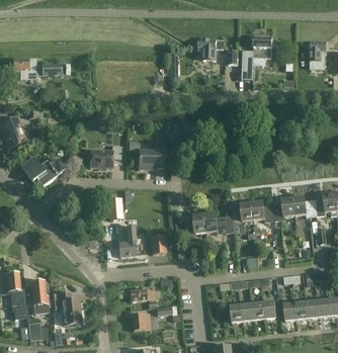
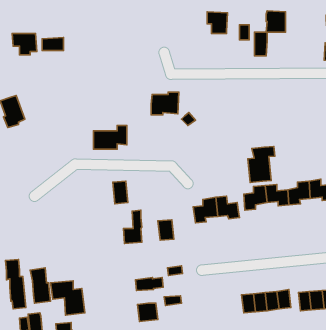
building: [138,147,164,168] -> [151,92,179,115]
building: [23,155,64,186] -> none
building: none -> [248,146,275,182]

